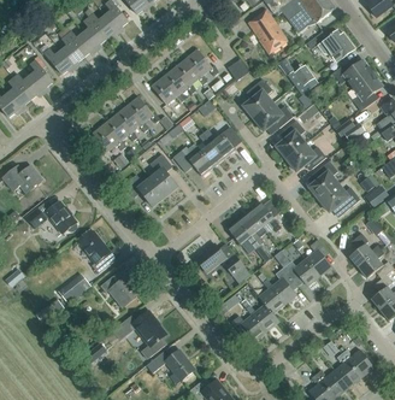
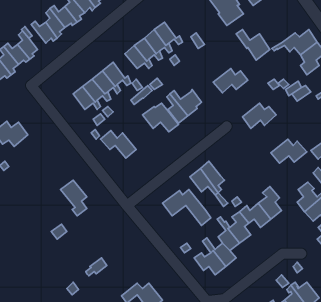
building: [306,30,354,63] -> none
building: [242,78,273,119] -> none
building: [276,120,306,159] -> none
building: [149,154,177,196] -> none
building: [308,160,338,200] -> none
building: [248,199,281,231] -> none
building: [25,201,76,234] -> none
building: [101,271,142,307] -> none
building: [132,312,166,357] -> none

